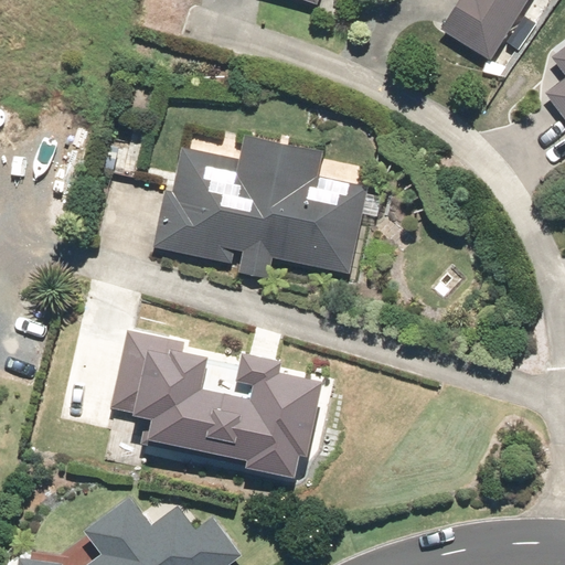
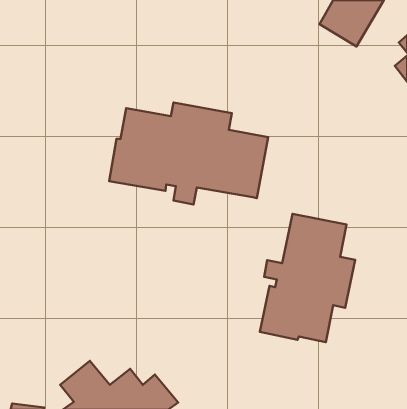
building: none -> [260,214,355,342]
building: [117,332,322,472] -> none

